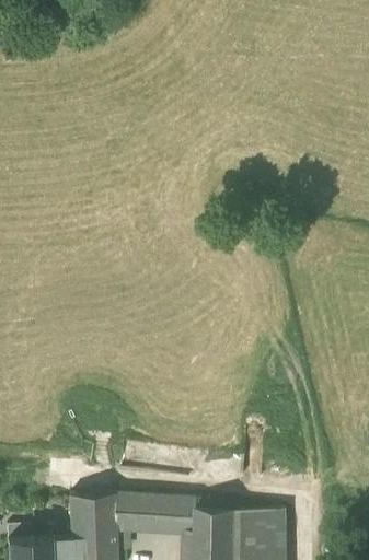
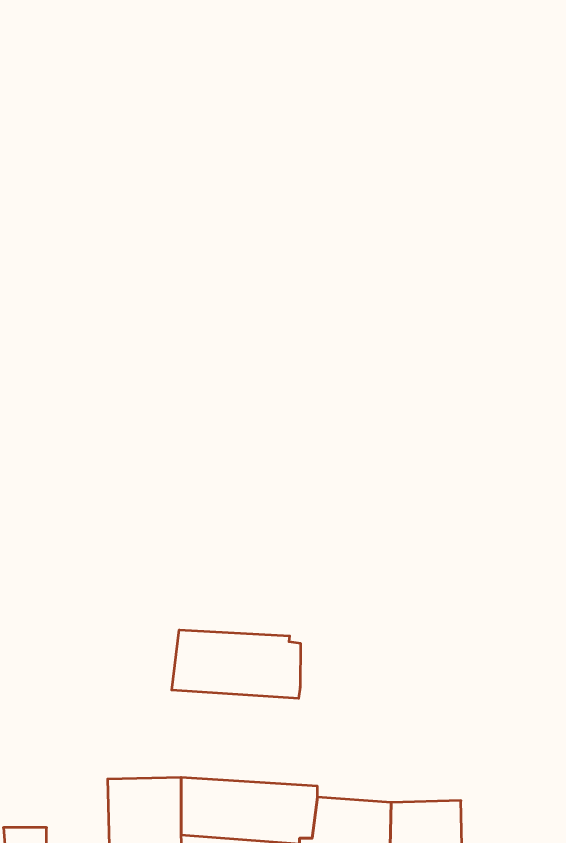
building: none -> [172,630,300,698]

